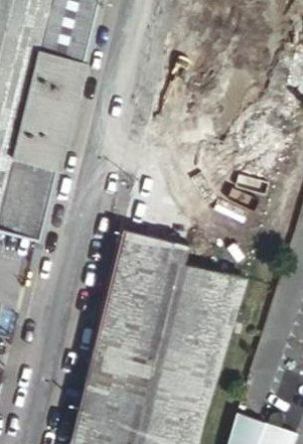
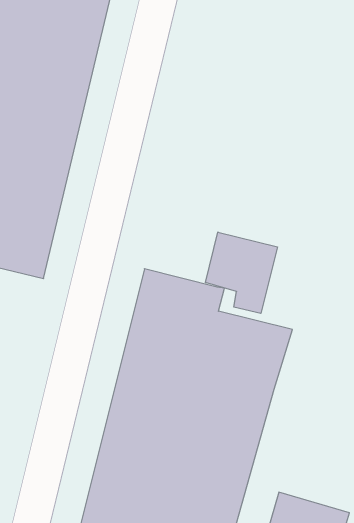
building: none -> [205,232,277,313]

